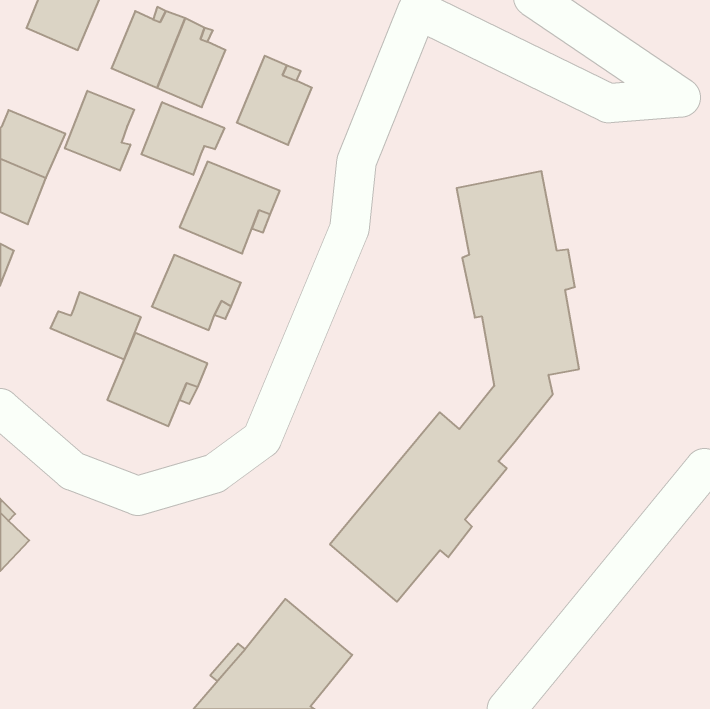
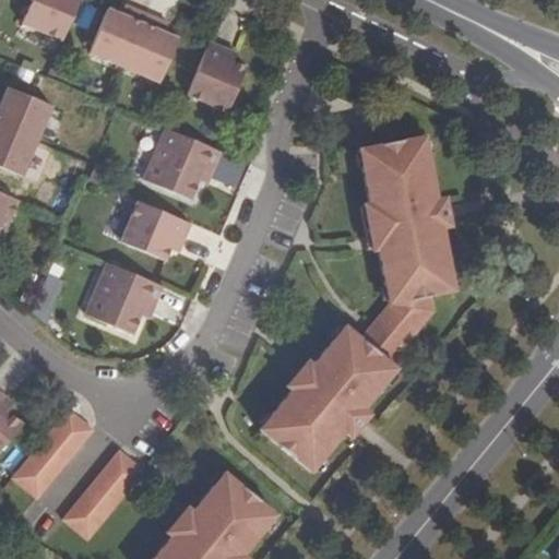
building: [65,91,134,171] -> none
building: [141,102,224,175] -> none
building: [50,292,141,360] -> none
building: none -> [13,408,95,497]
building: none -> [64,450,145,538]

